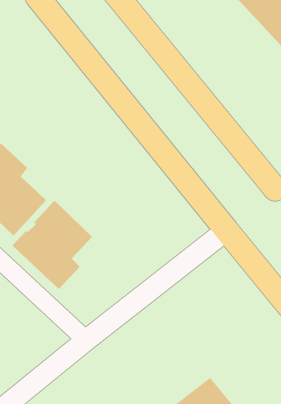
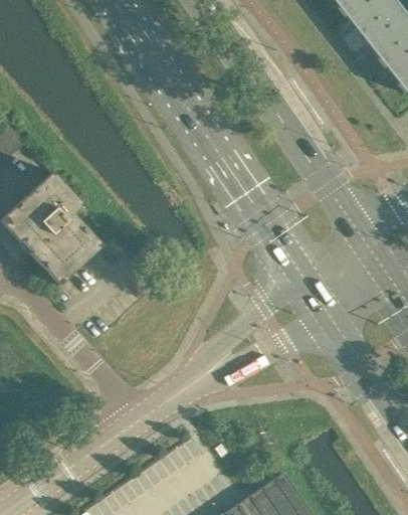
building: [12,200,93,290] -> none

